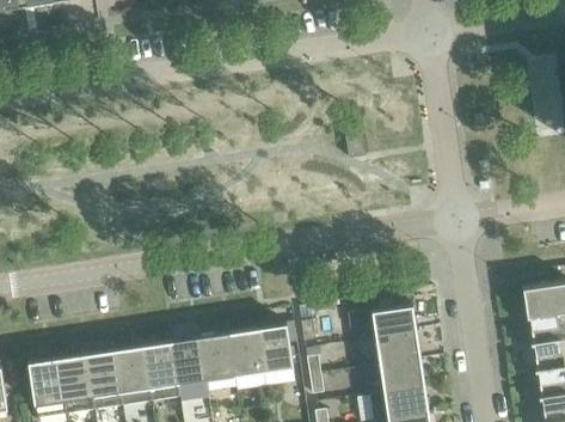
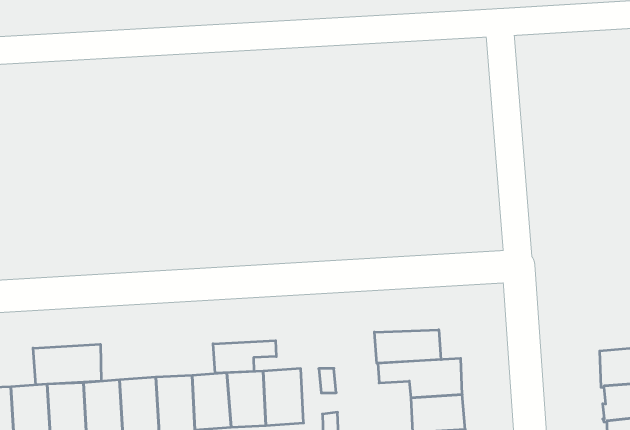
building: none -> [374,330,441,363]
building: none -> [213,341,276,373]
building: none -> [33,344,101,385]

